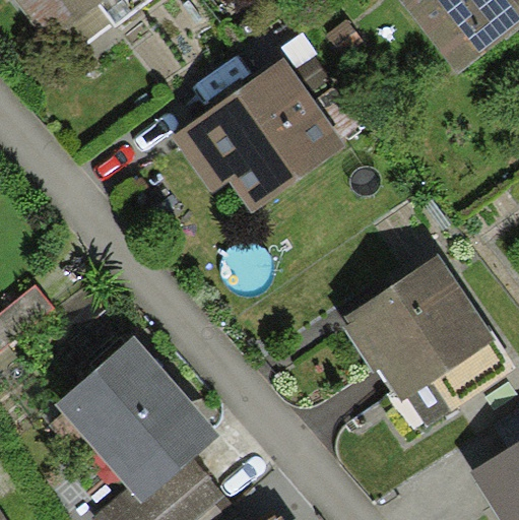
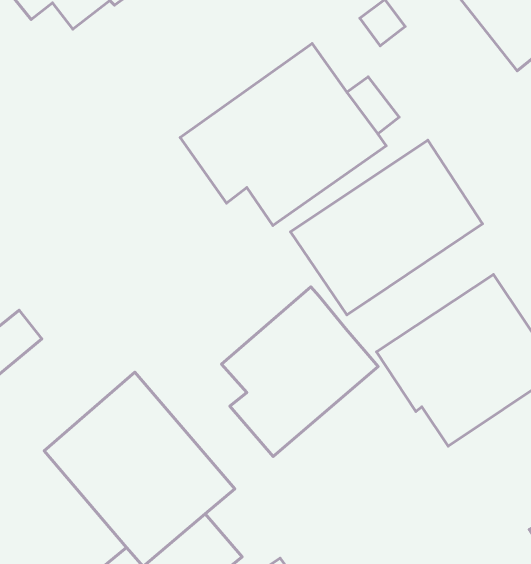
building: none -> [290,140,483,315]
building: none -> [221,287,378,457]

